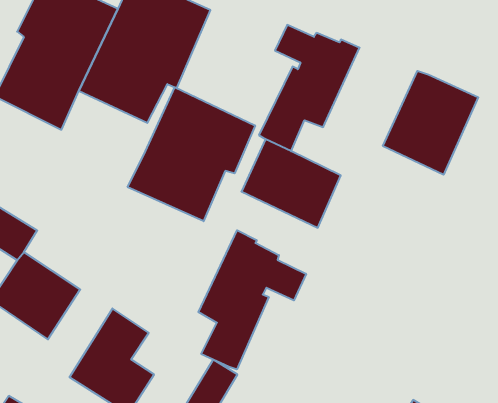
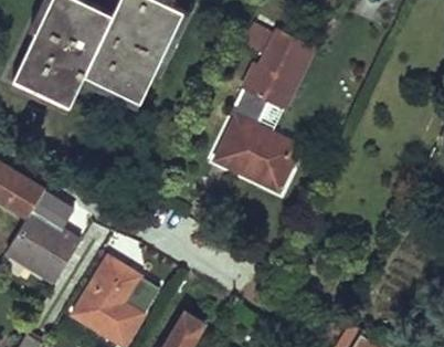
building: [383,71,478,175] -> none
building: [128,87,255,221] -> none
building: [198,230,306,369] -> none

